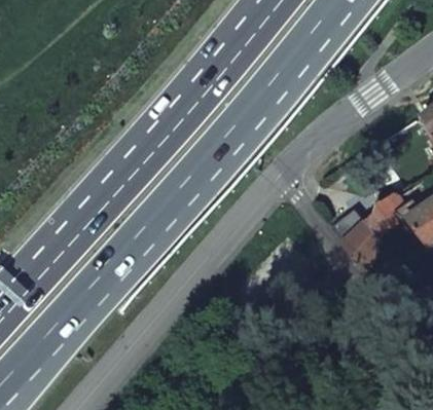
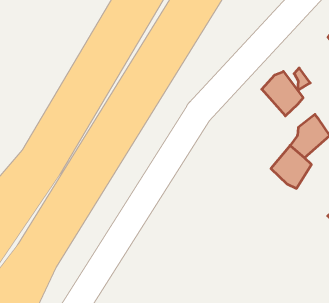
building: none -> [262,71,303,116]

